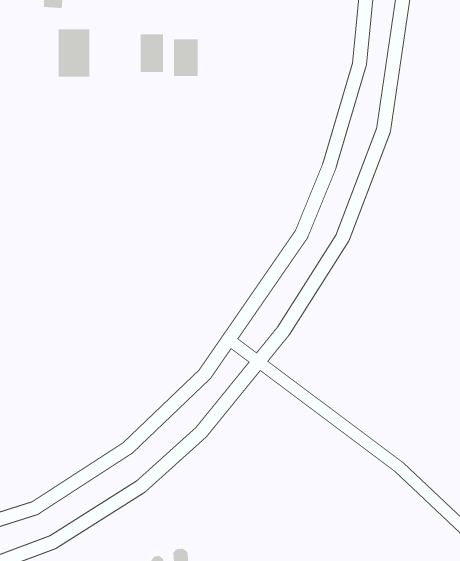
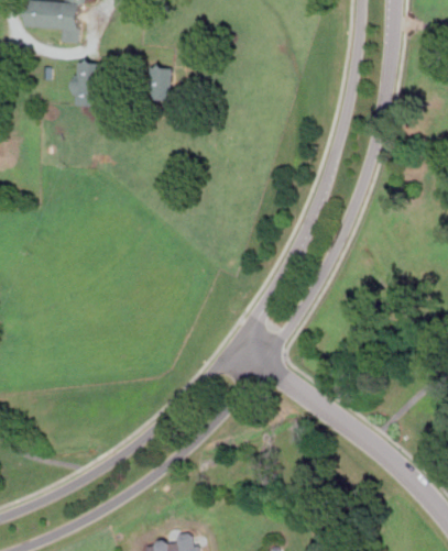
building: [174,39,198,77] -> none

